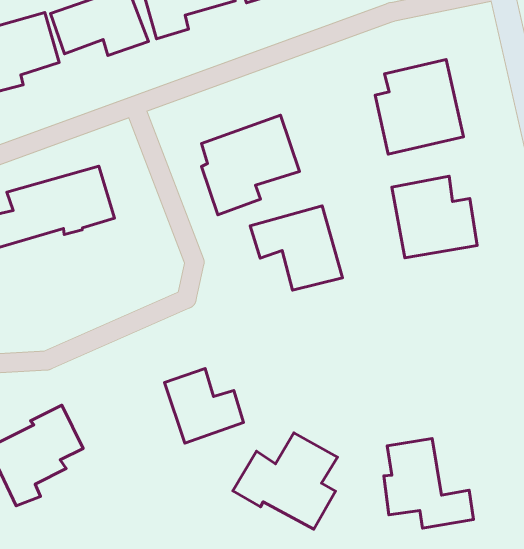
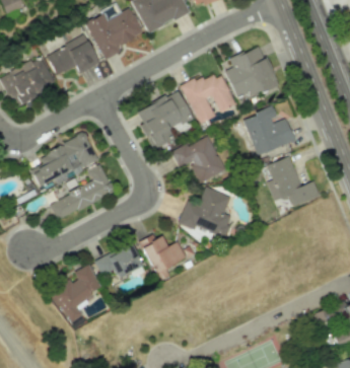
building: none -> [181,73,236,123]
building: none -> [50,164,115,219]
building: none -> [95,242,143,278]
building: [233,433,337,529] -> [179,187,233,236]
building: [384,438,474,528] -> [267,156,320,205]

